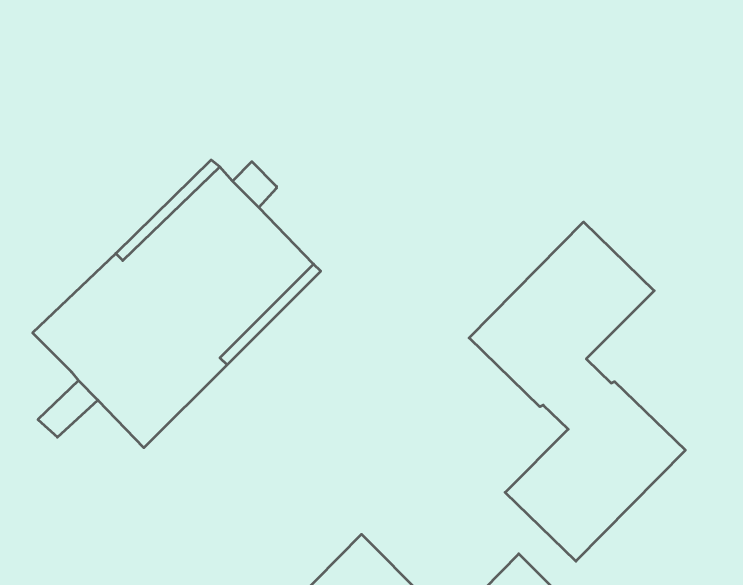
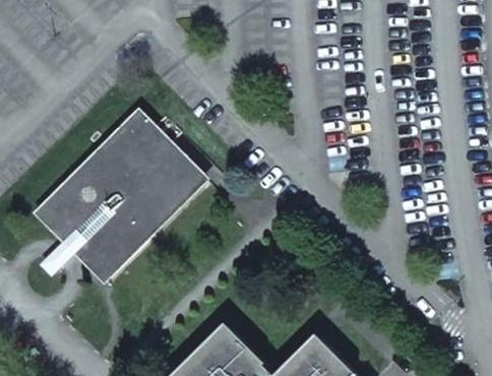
building: [469,222,685,561] -> none

